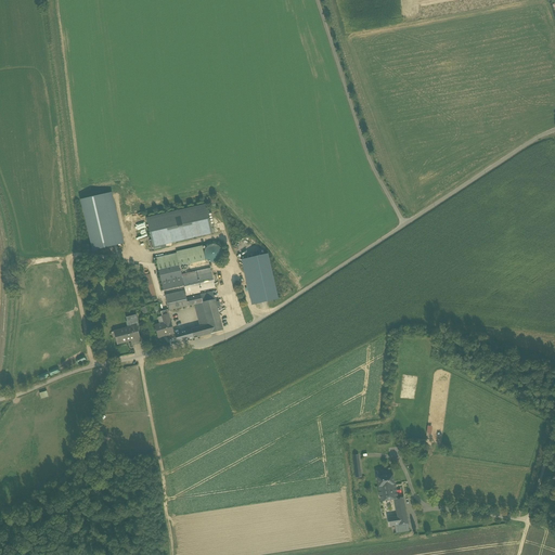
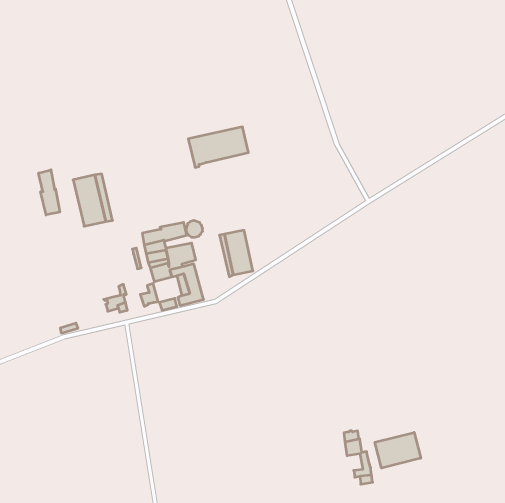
building: none -> [39,170,60,215]
building: [146,203,212,247] -> [188,127,248,167]
building: none -> [375,432,421,468]

